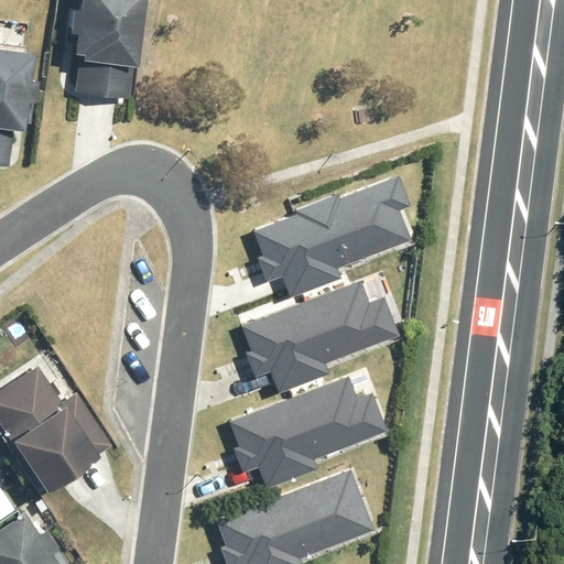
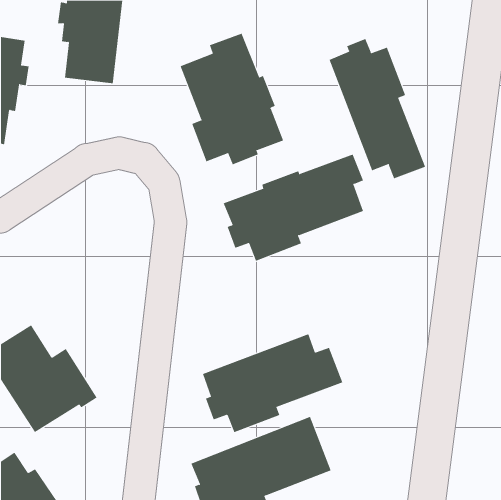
building: none -> [180,33,284,165]
building: none -> [329,38,426,179]
building: [240,281,398,392] -> none

